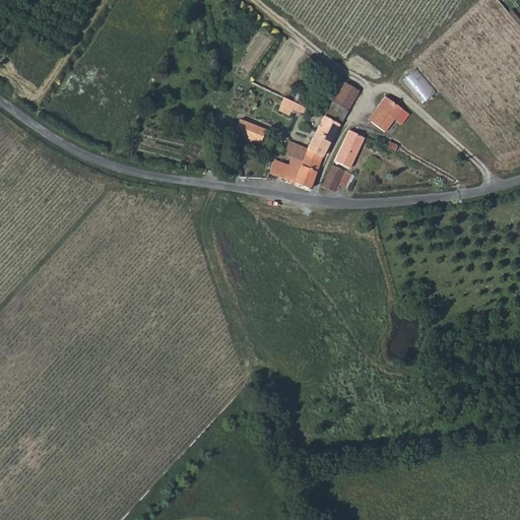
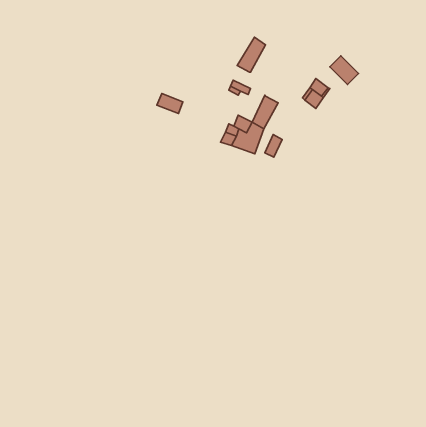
building: [324,82,359,125] -> [237,37,266,72]
building: [235,119,266,143] -> [157,94,183,114]
building: [335,130,364,168] -> none

